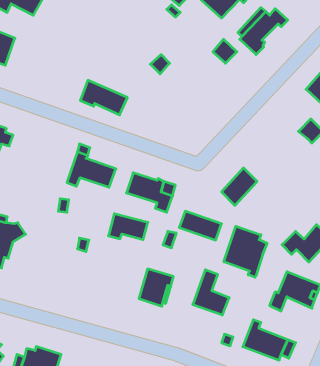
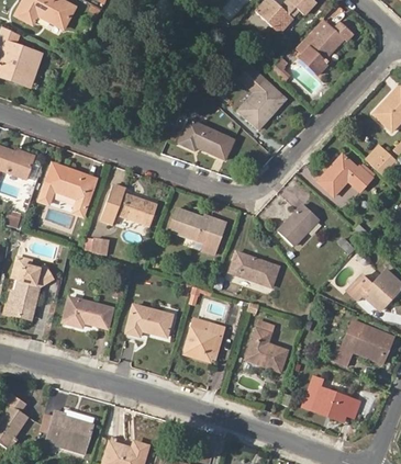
building: none -> [238,67,285,127]
building: [80,80,127,115] -> [179,120,233,159]
building: none -> [318,154,371,195]
building: none -> [38,165,94,217]
building: [108,214,148,240] -> [126,306,171,336]
building: [224,226,267,277] -> none
building: none -> [63,298,111,327]

